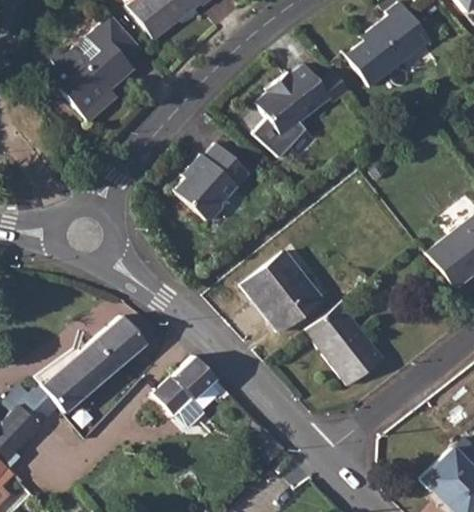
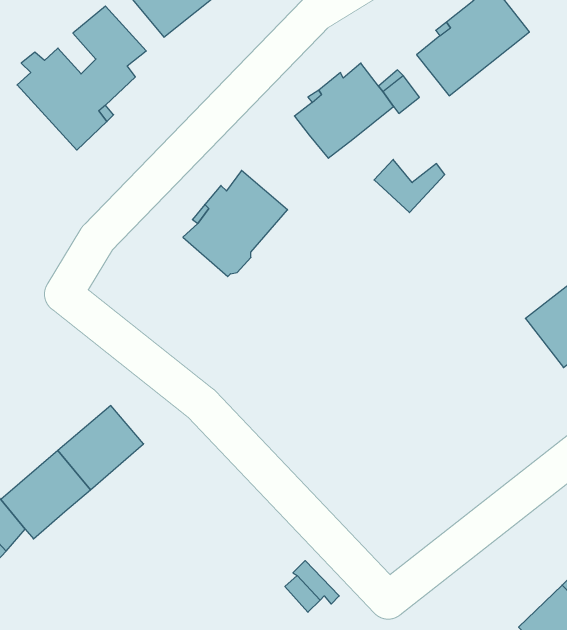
building: [253,116,305,155] -> [374,159,445,213]
building: [242,251,321,331] -> none
building: [305,298,383,384] -> none
building: [153,355,235,427] -> none

